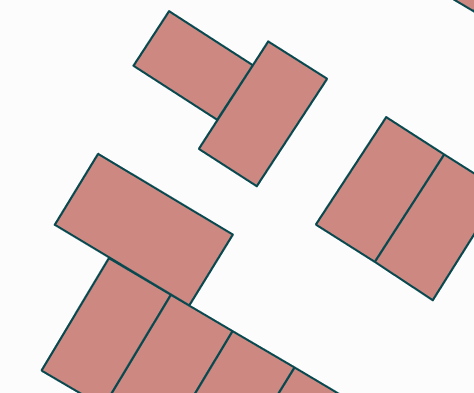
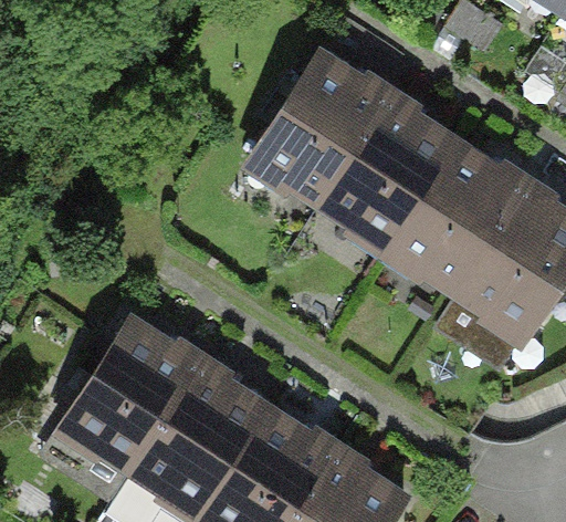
building: [133,11,253,120] -> none
building: none -> [306,96,459,269]
building: [55,154,233,306] -> none

